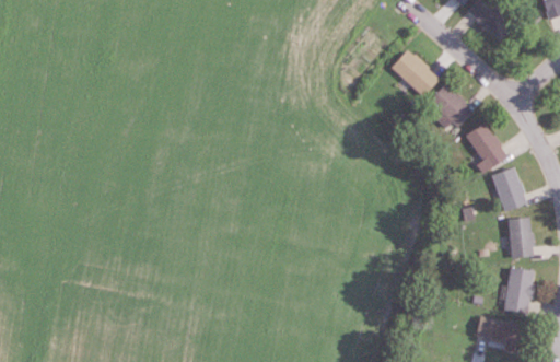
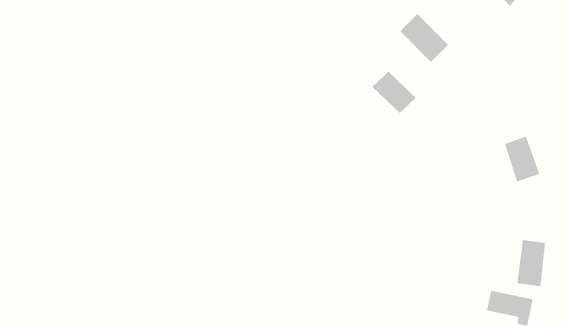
building: [429,85,472,127] -> [372,71,417,114]
building: [465,122,508,170] -> none
building: [511,219,532,257] -> none

